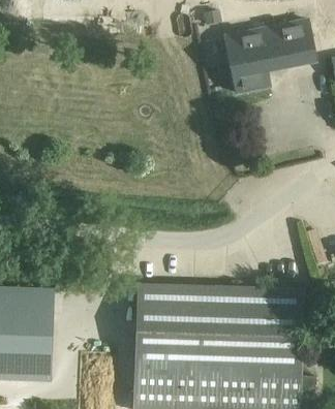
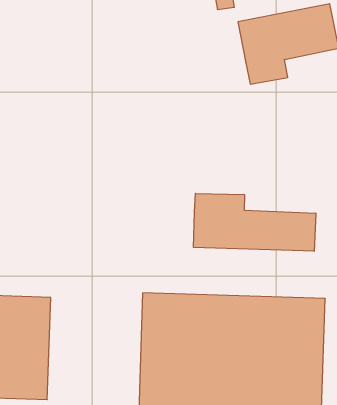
building: none -> [194,193,316,251]

